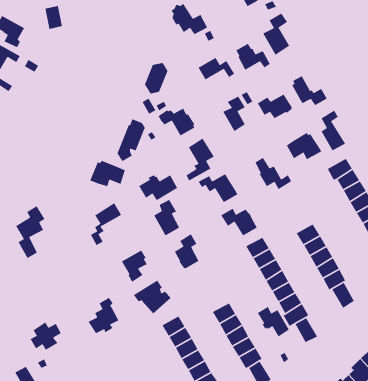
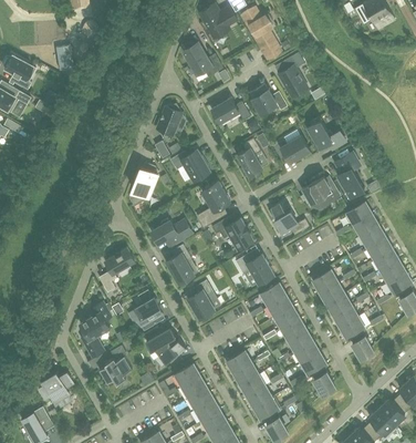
building: [89,160,126,187] -> none
building: [15,205,45,259] -> [80,302,111,358]
building: [257,306,290,337] -> none

